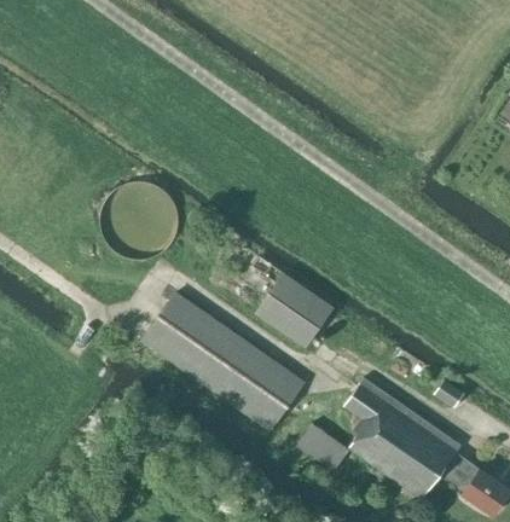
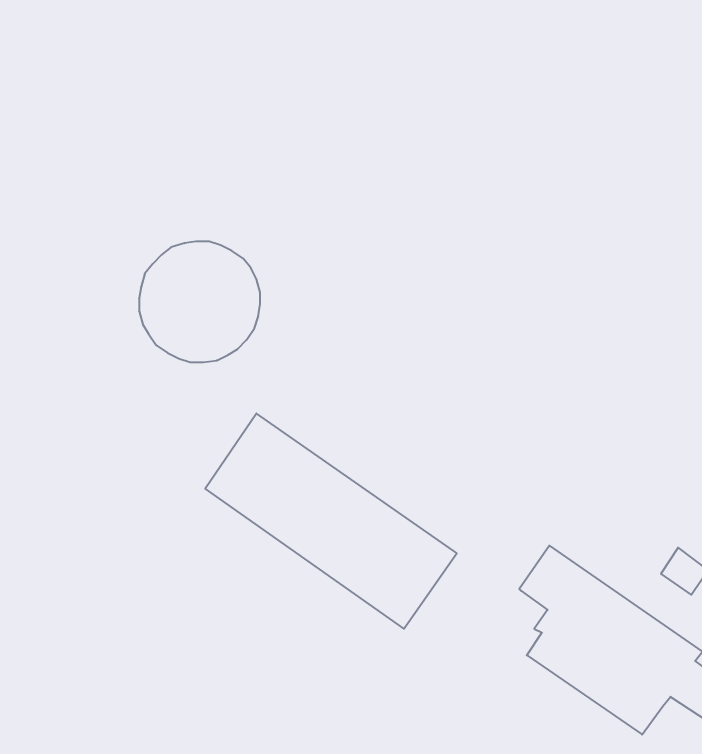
building: [256,273,332,347] -> none
building: [294,422,347,471] -> none

